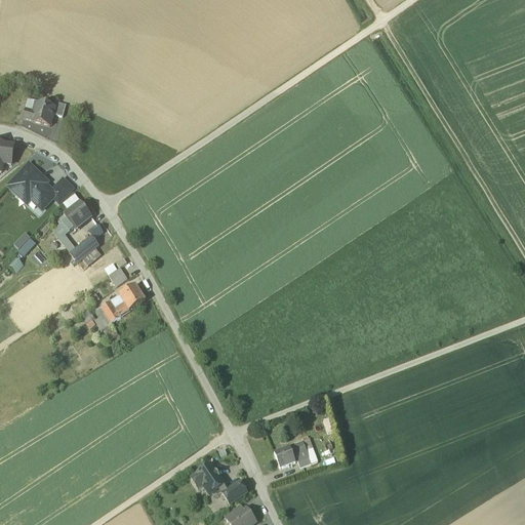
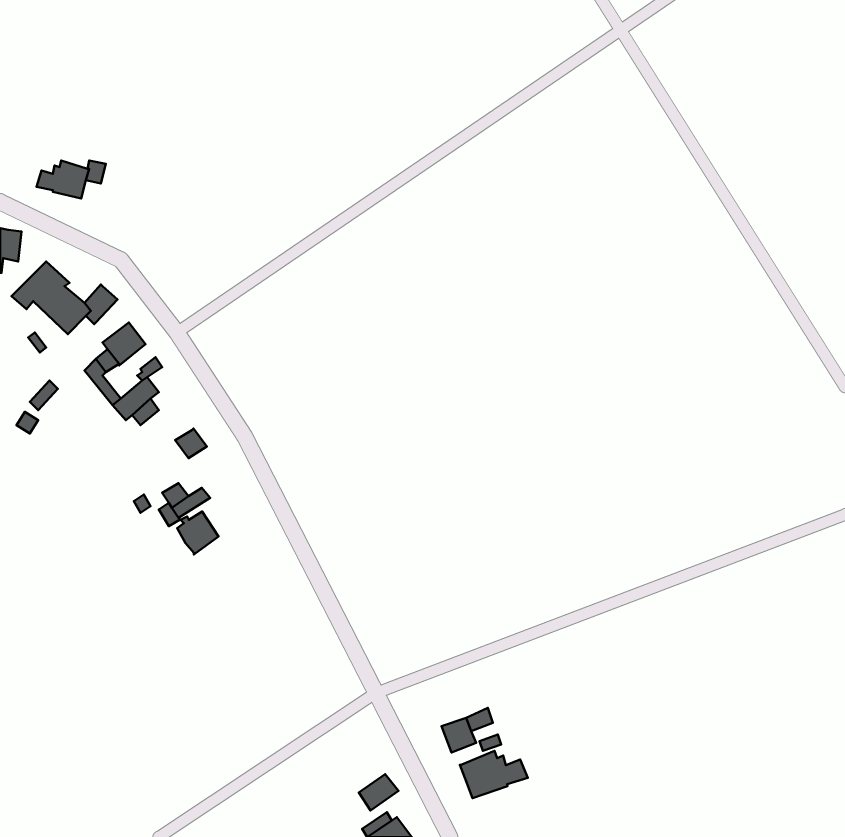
building: [120,283,146,310] -> [177,512,219,555]
building: [191,461,225,492] -> none
building: none -> [460,751,528,798]

